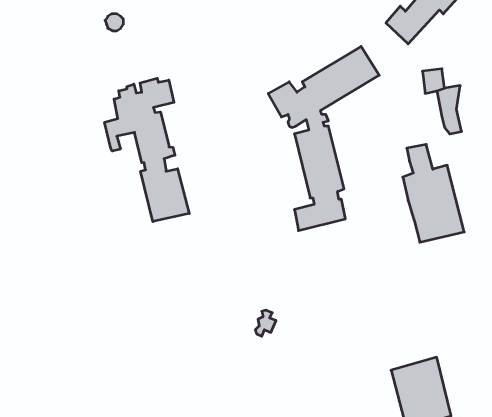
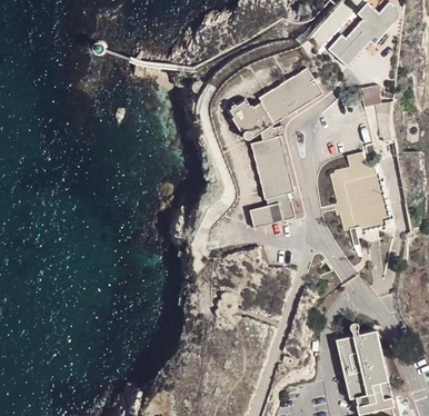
building: [105,78,189,222] -> none
building: none -> [331,167,352,204]

